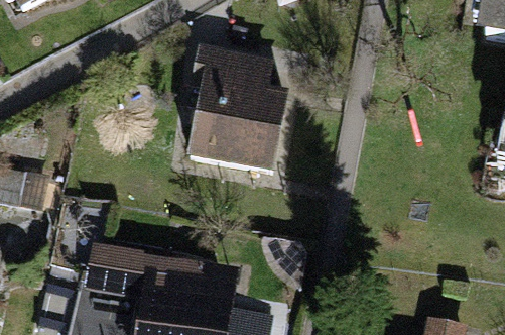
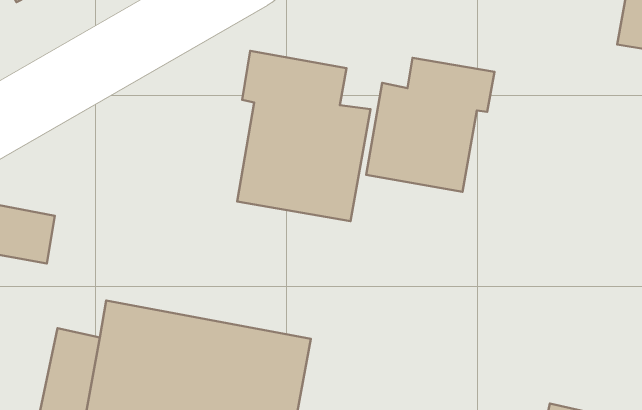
building: none -> [366,58,495,192]

